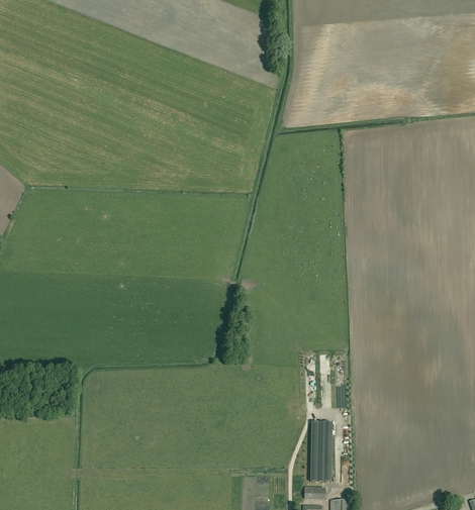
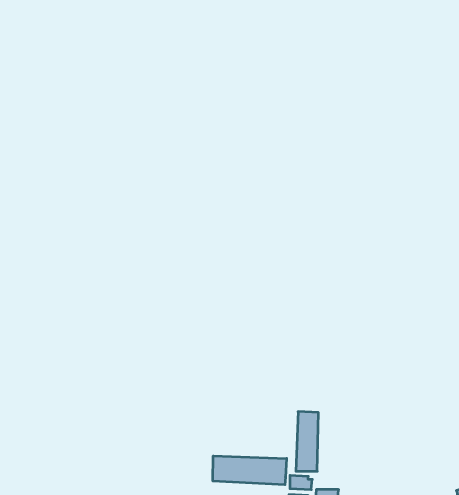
building: none -> [213,456,287,485]

